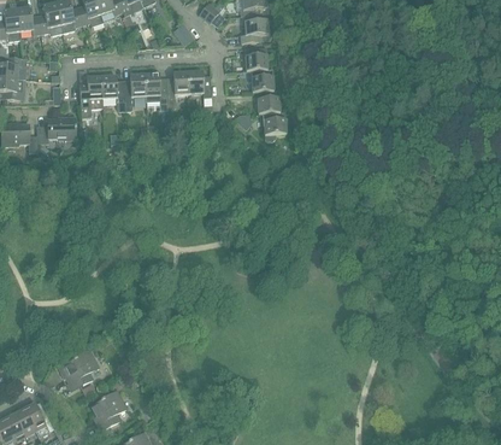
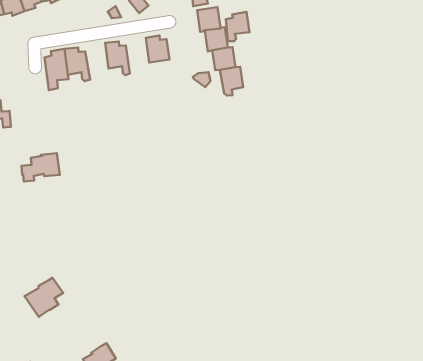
building: none -> [226,12,250,41]
building: [166,71,189,107] -> none
building: [123,72,146,110] -> none
building: [36,116,76,142] -> [21,153,60,181]
building: [58,349,99,388] -> [24,278,63,317]

